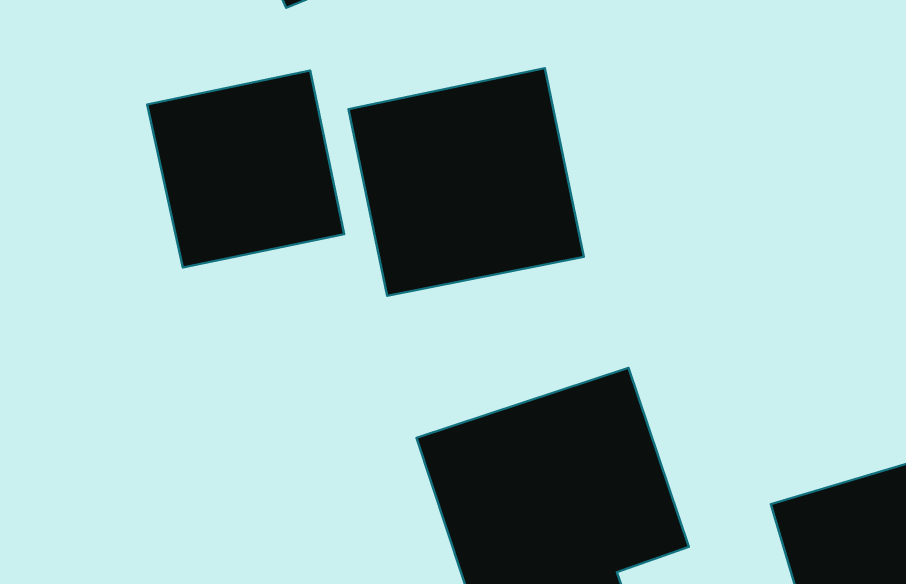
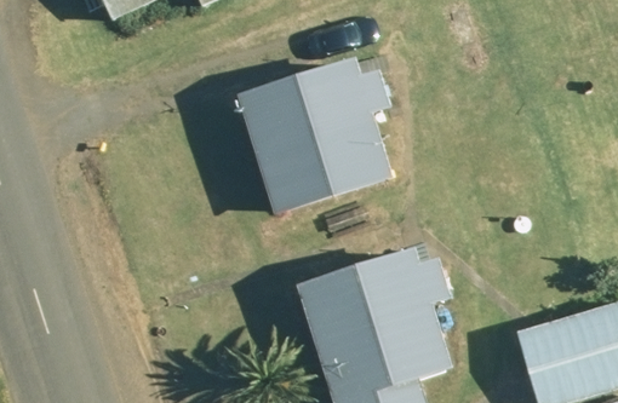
building: [147,70,344,267] -> none

